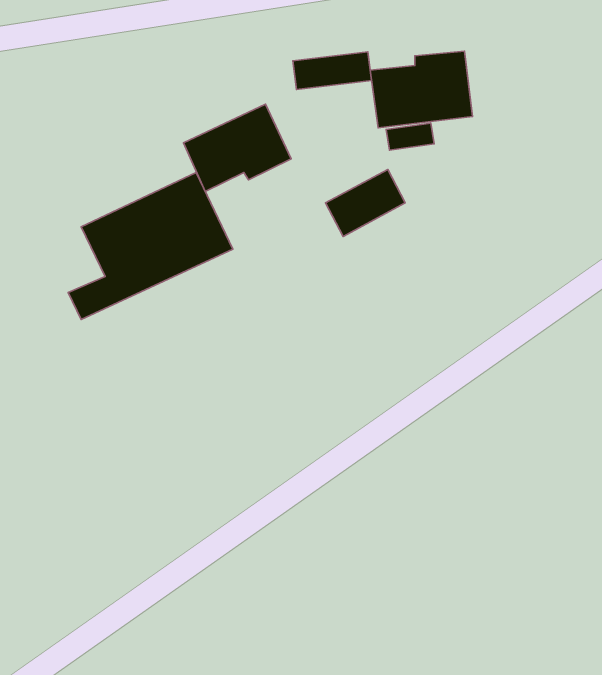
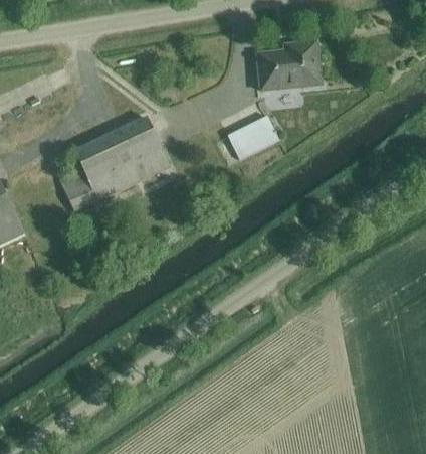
building: [293,52,372,89] -> none
building: [183,104,291,191] -> none

